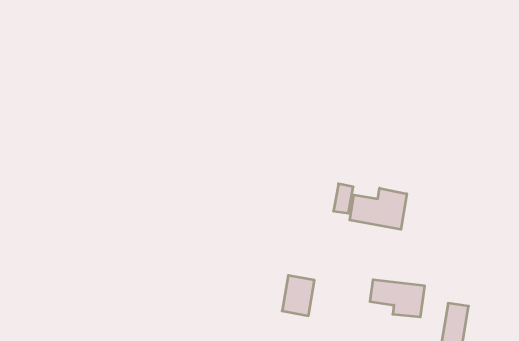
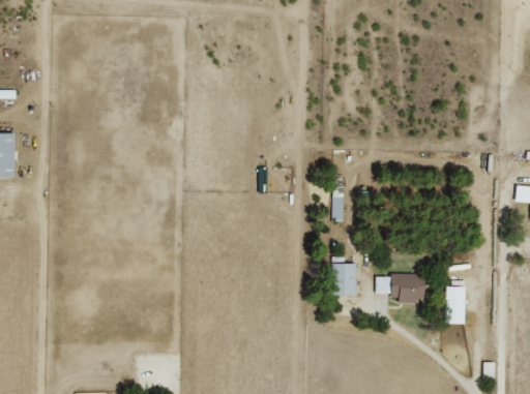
building: [350,188,407,229] -> none
building: [282,275,314,316] -> [330,263,355,296]

